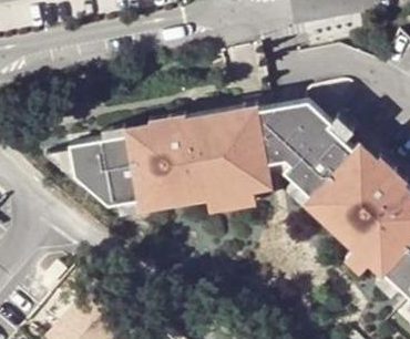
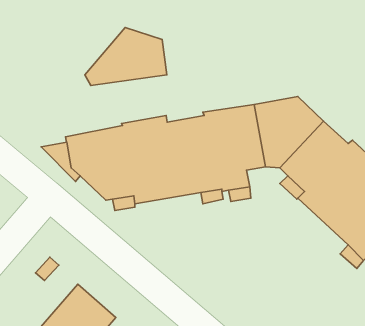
building: none -> [85,28,167,86]

